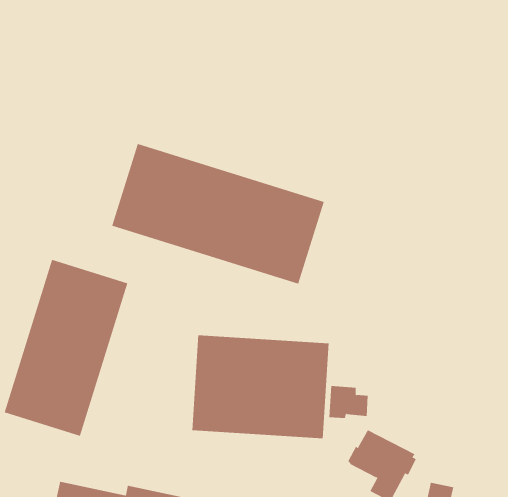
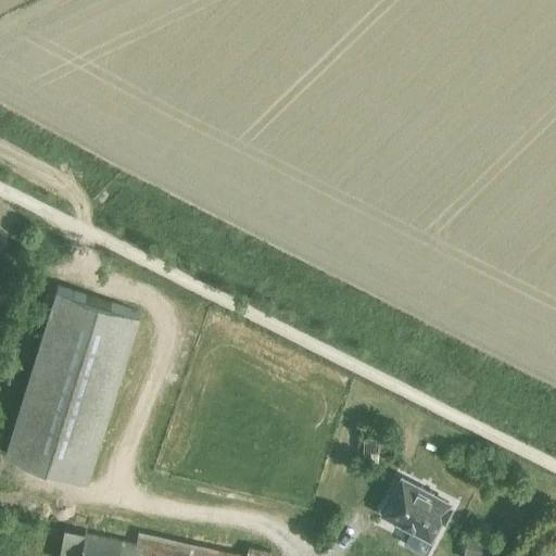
building: [112,143,325,284] -> none
building: [192,335,329,439] -> none

